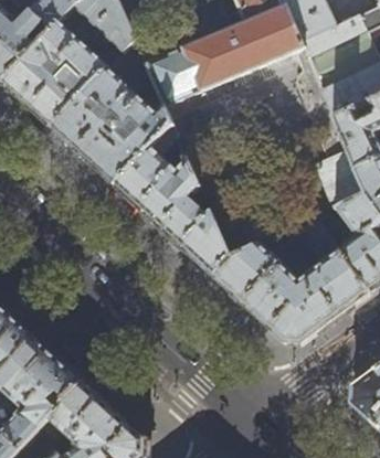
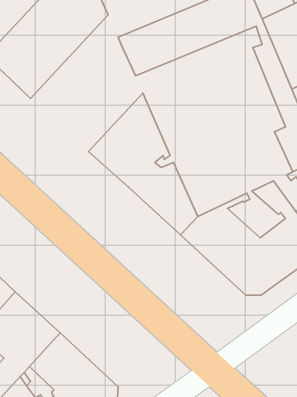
building: [53,39,175,187] -> none

